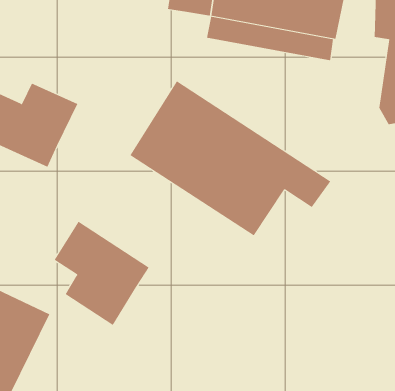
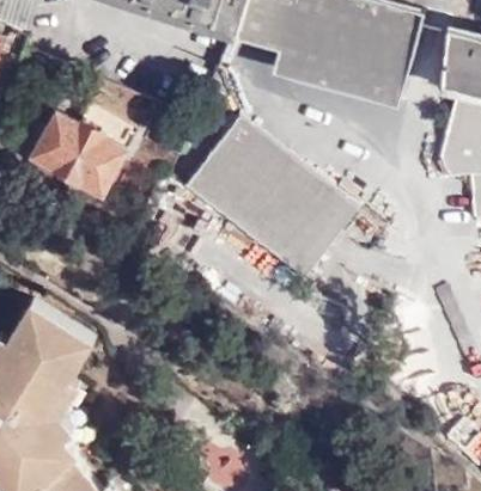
building: [54,221,150,326] -> none

